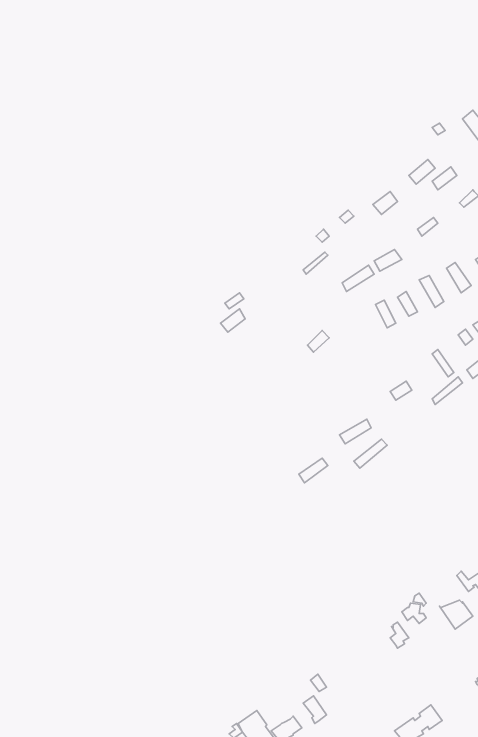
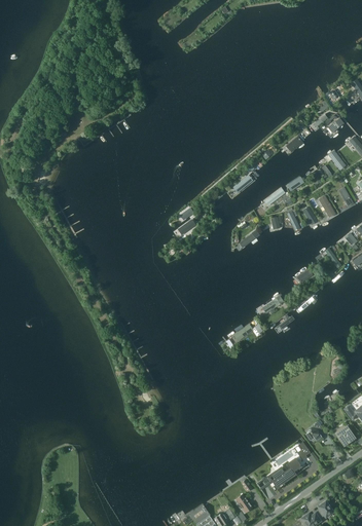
building: none -> [268,460,302,491]

